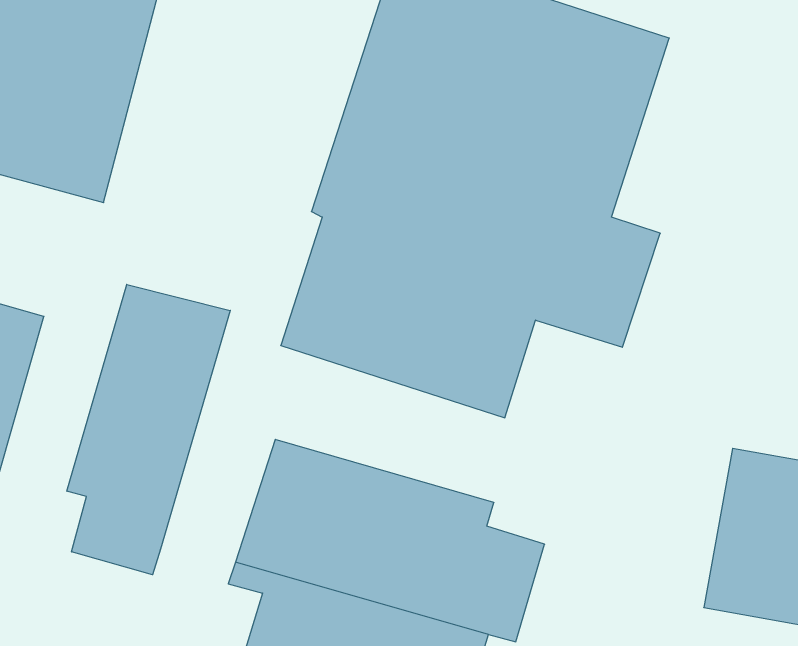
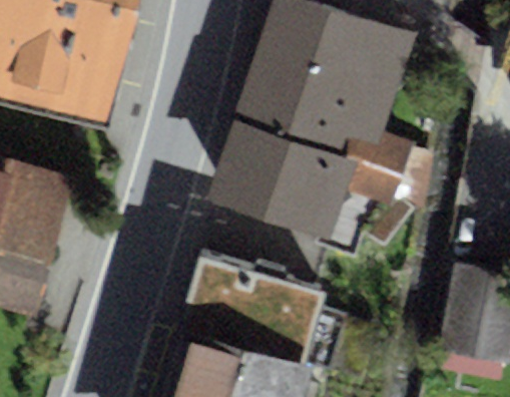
building: [67,284,230,575] -> none

